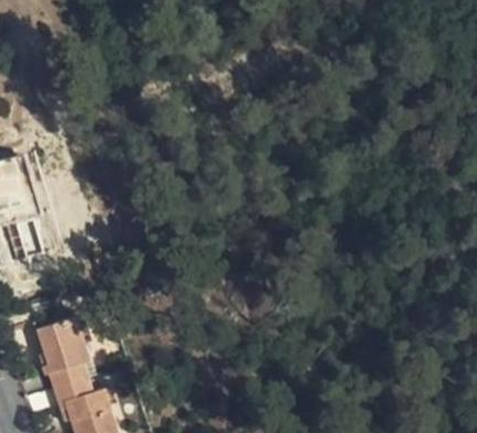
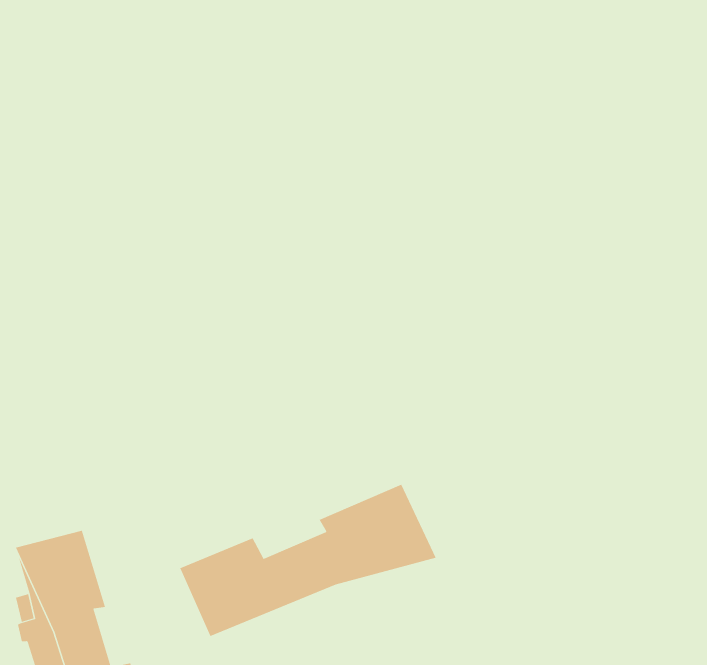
building: none -> [180,484,436,637]

